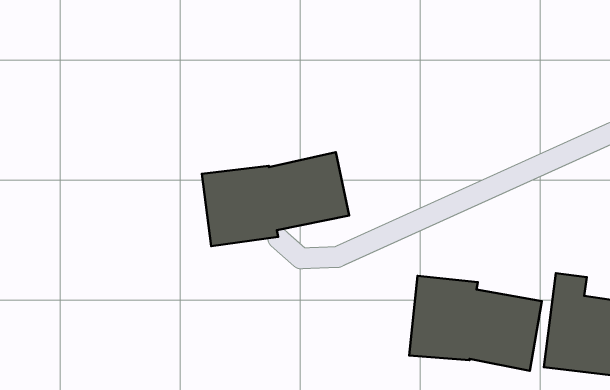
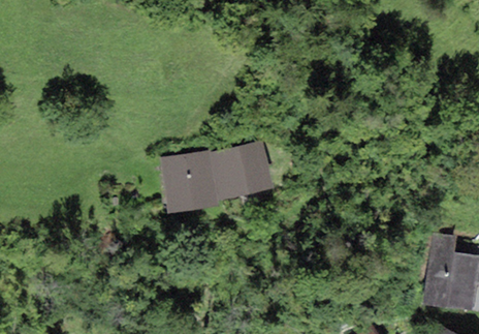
building: [409,276,542,371] -> none

